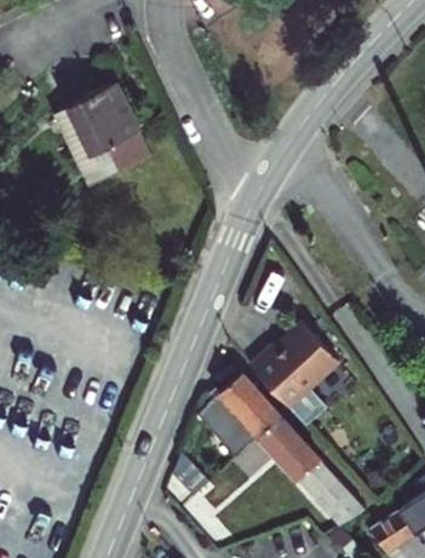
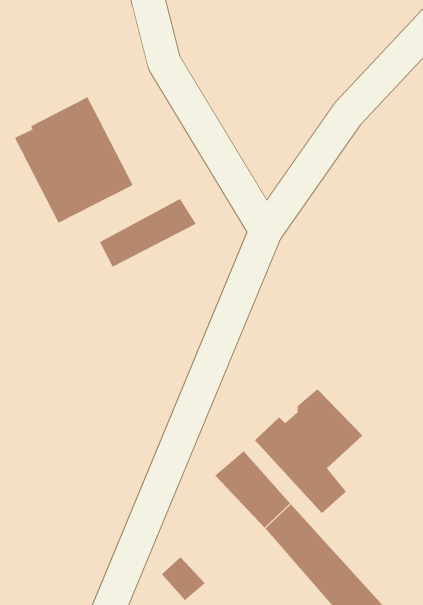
building: none -> [99,198,196,268]
building: [199,393,259,459] -> none

